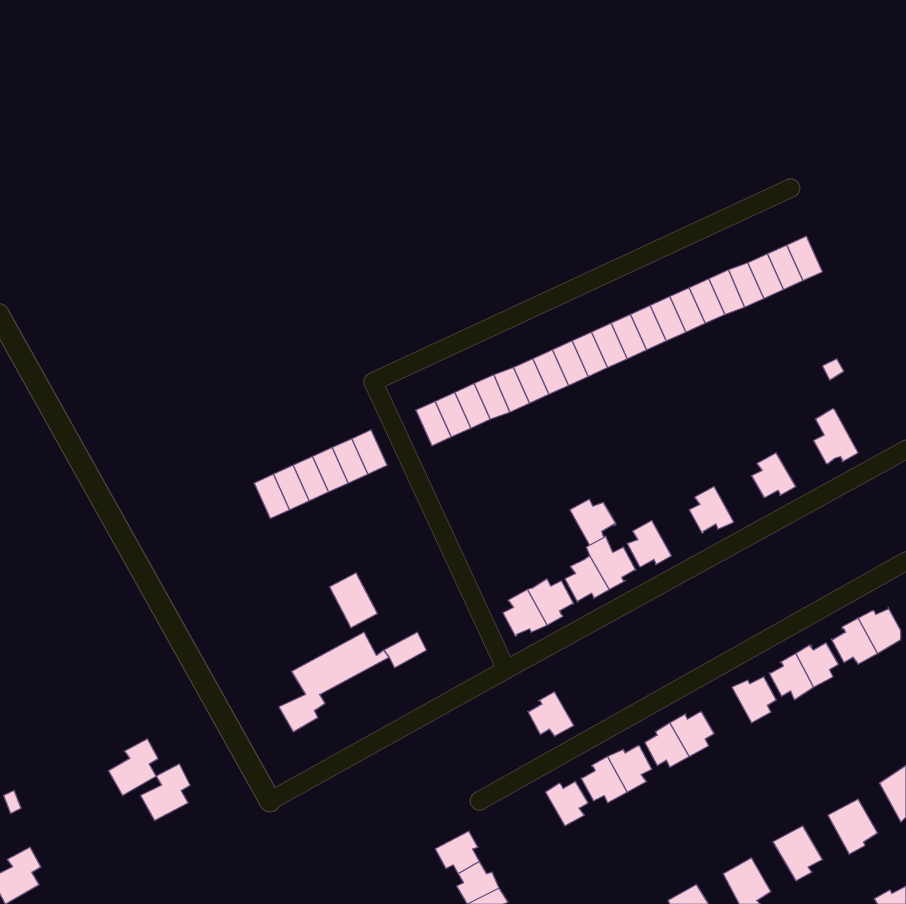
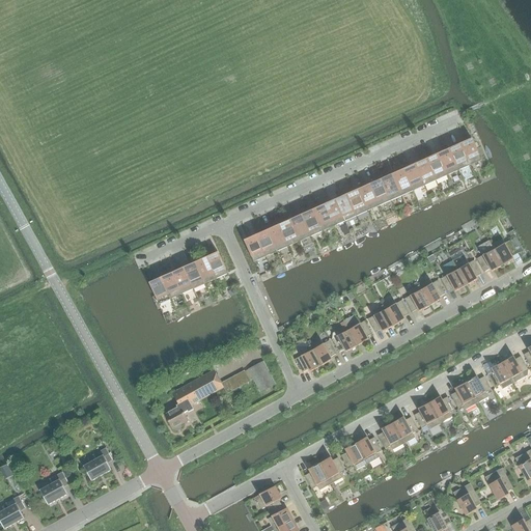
building: none -> [487,237,516,264]
building: none -> [450,252,480,284]
building: none -> [417,278,444,305]
building: [570,499,616,545] -> [381,298,408,325]
building: [329,573,377,628] -> [247,360,275,392]
building: none -> [413,401,439,428]
building: [528,692,574,736] -> [303,463,330,488]
building: [108,739,158,796] -> [38,471,67,504]

